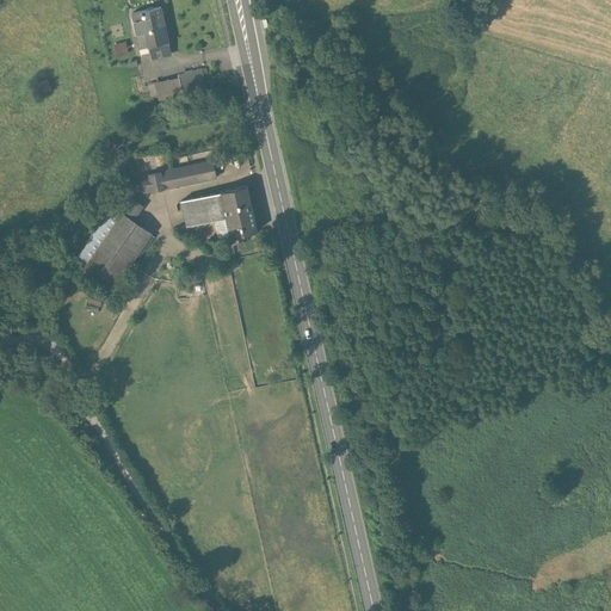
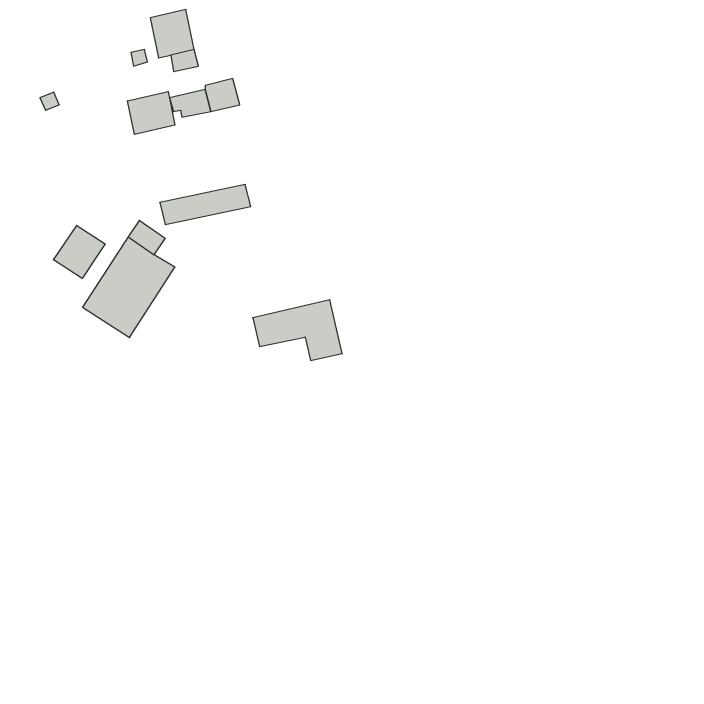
building: none -> [128,91,175,134]
building: [180,186,258,239] -> [253,300,342,360]
building: none -> [53,225,105,278]

